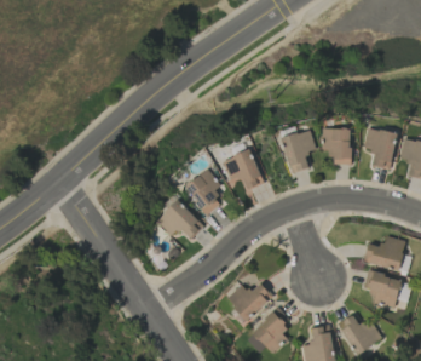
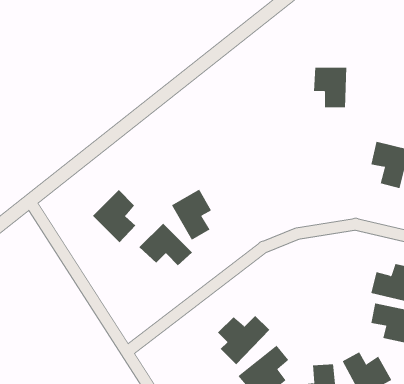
building: [322,128,352,165] -> [313,67,347,108]
building: [283,131,316,173] -> none
building: [223,150,263,189] -> none
building: none -> [92,189,136,243]

